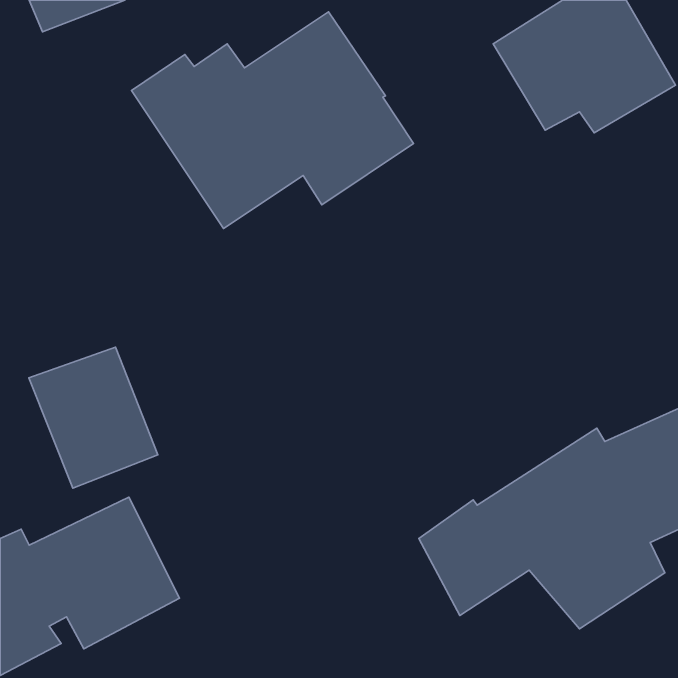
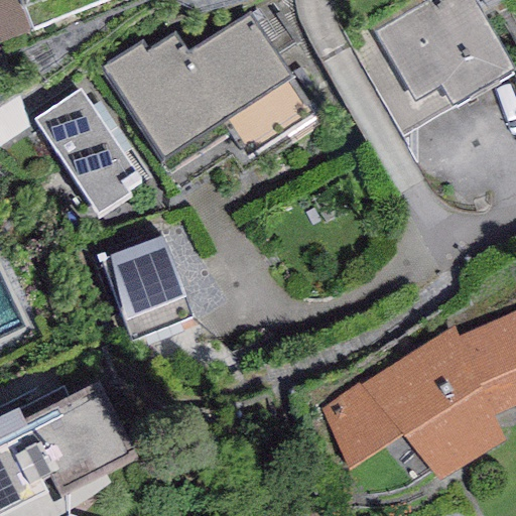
building: none -> [34,87,139,210]
building: [29,347,158,488] -> [98,233,196,340]

